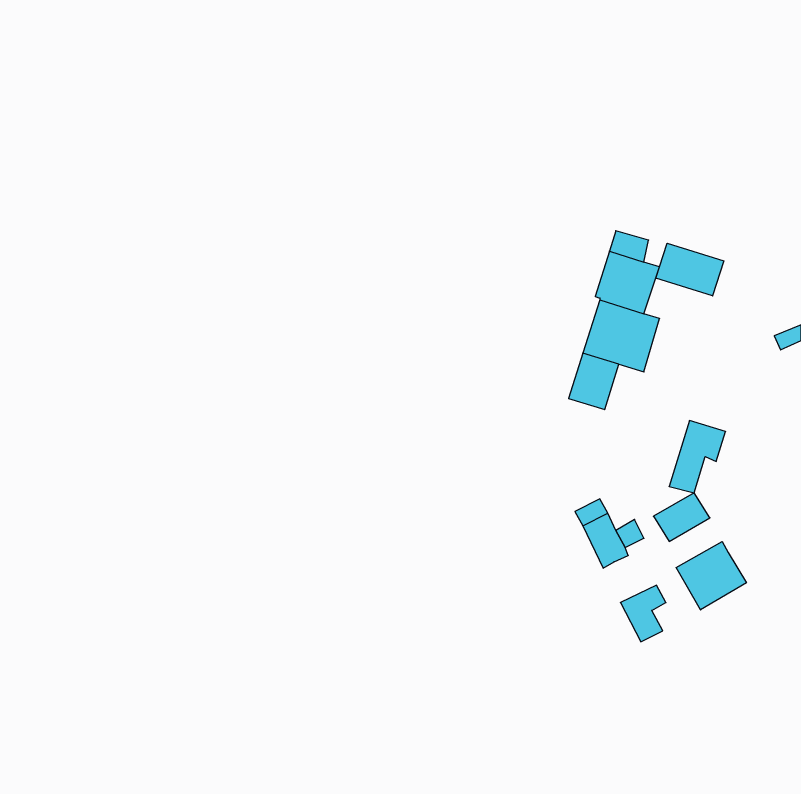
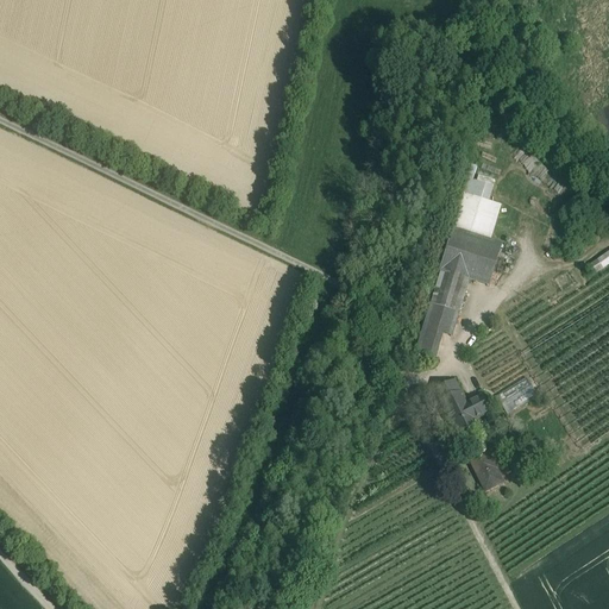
building: [656,243,724,296] -> none
building: [669,421,726,493] -> [415,302,458,357]
building: [676,542,746,610] -> none

